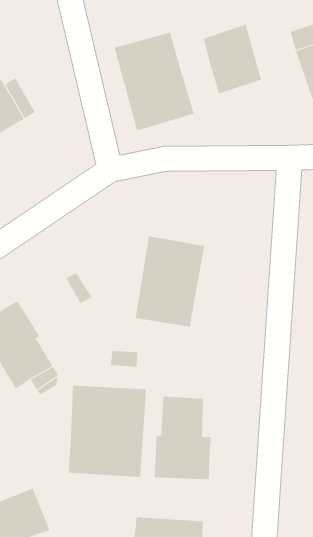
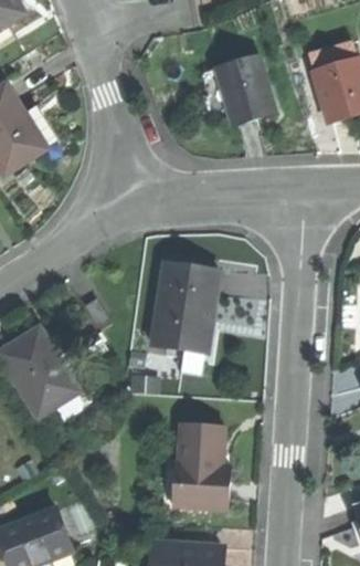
building: [114,32,195,131] -> none
building: [68,385,146,478] -> none

